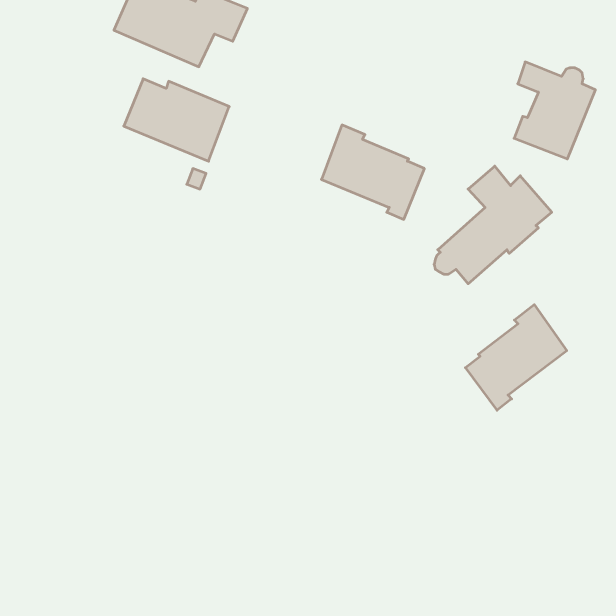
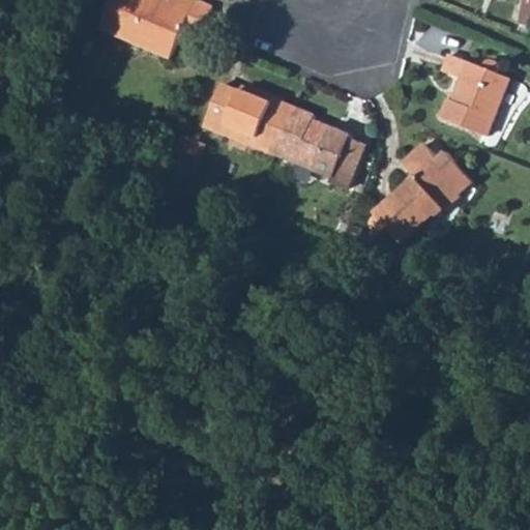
building: [124,79,229,161] -> [202,83,292,153]
building: [465,305,567,410] -> none

